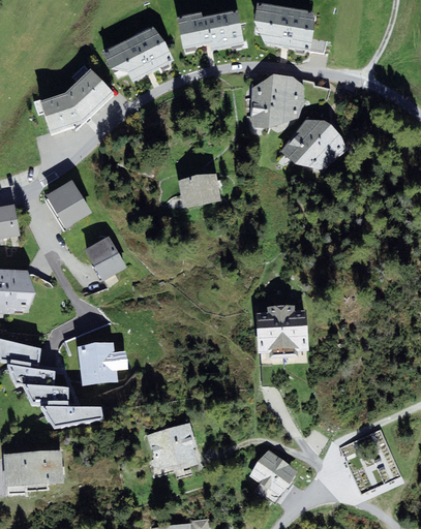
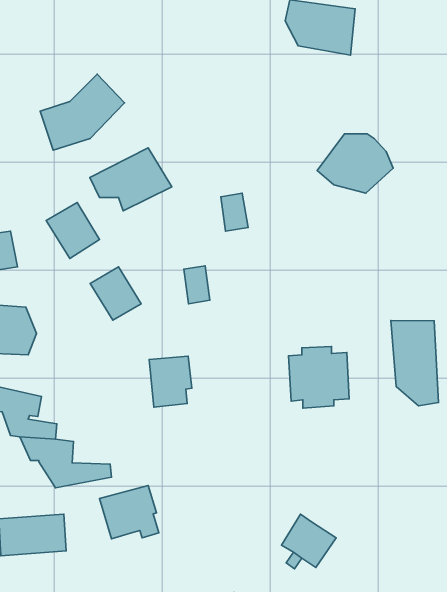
building: [176,8,243,51] -> none
building: [101,26,173,81] -> [90,148,172,211]
building: [249,73,303,127] -> none
building: [178,174,201,207] -> [184,266,210,304]
building: none -> [391,321,439,406]
building: [78,342,115,386] -> [149,356,192,407]
building: [146,423,198,469] -> [100,485,159,539]

